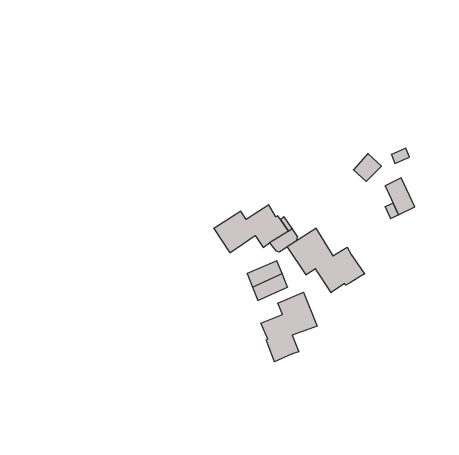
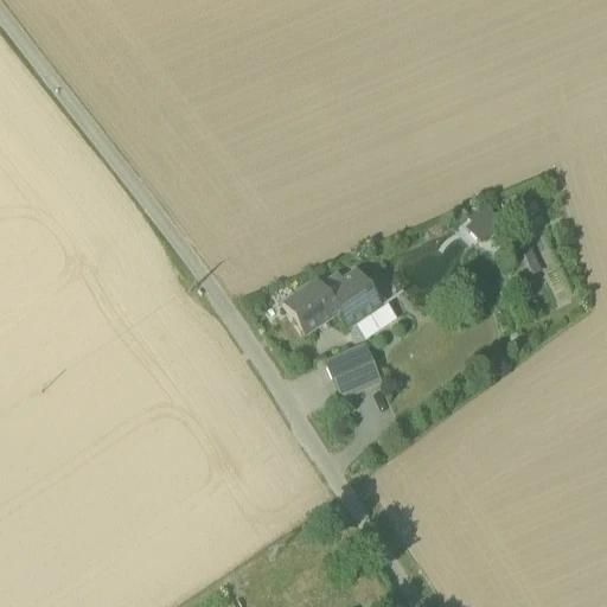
building: [287,228,365,293] -> none
building: [261,292,317,362] -> none

